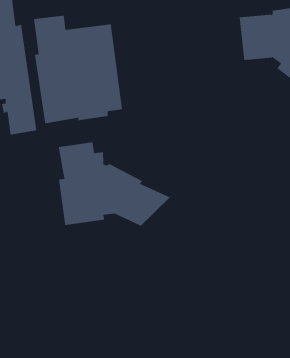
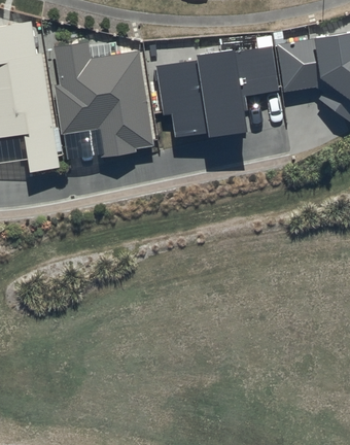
building: none -> [156,46,278,136]
building: [58,142,171,226] -> none

